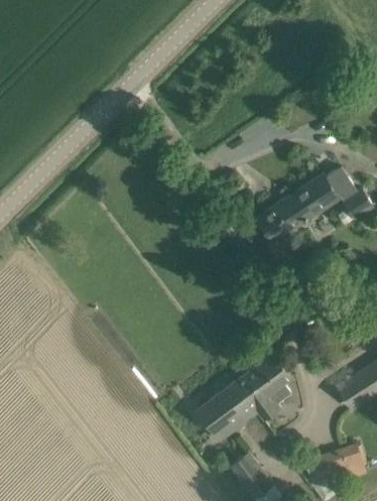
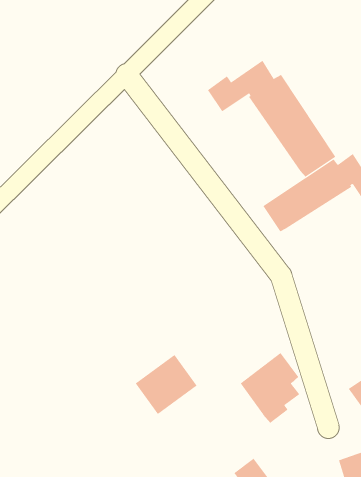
building: none -> [207,60,336,178]
building: [198,382,256,439] -> [135,354,198,415]

